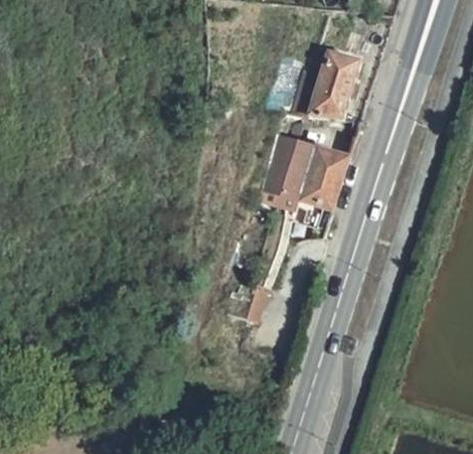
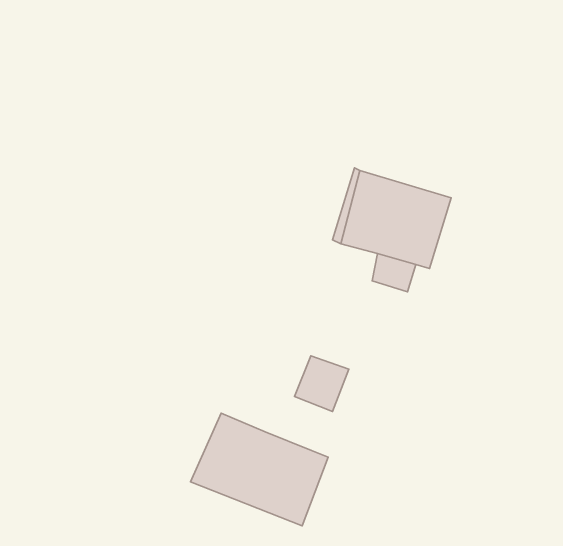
building: [311,50,360,118] -> none
building: none -> [190,413,328,526]

